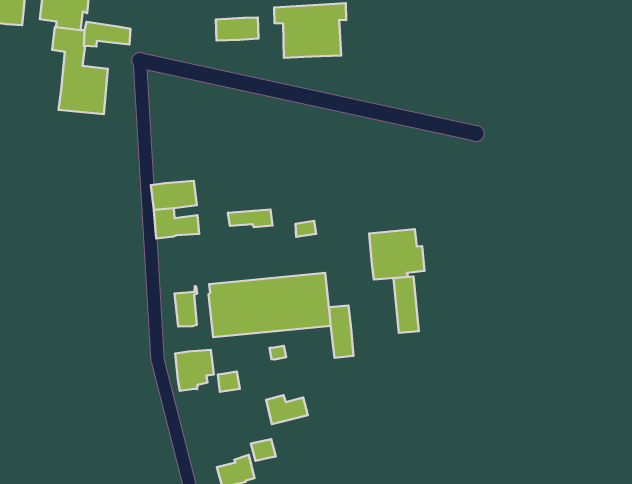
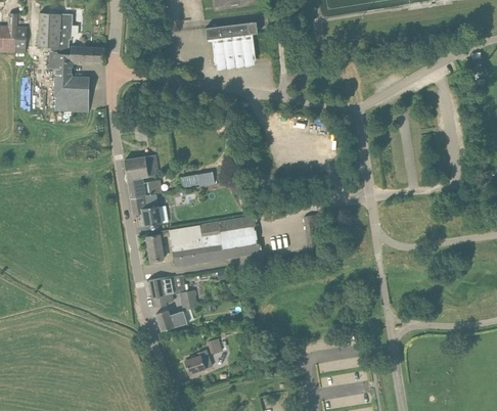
building: [216,17,259,41] -> none
building: [369,229,425,280] -> none
building: none -> [131,196,161,227]
building: [329,305,354,358] -> none
building: [266,395,308,424] -> [156,310,187,331]

